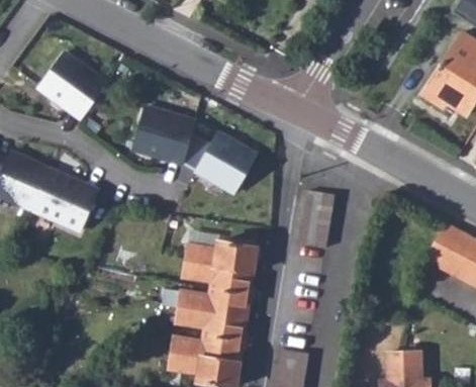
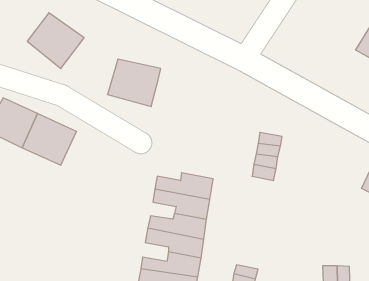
building: [183,131,257,193] -> none

